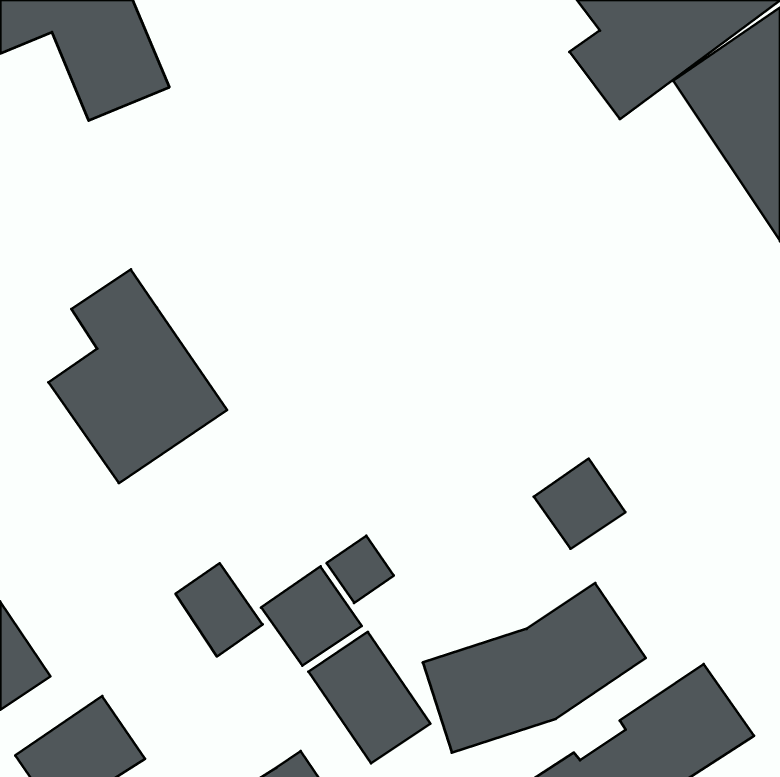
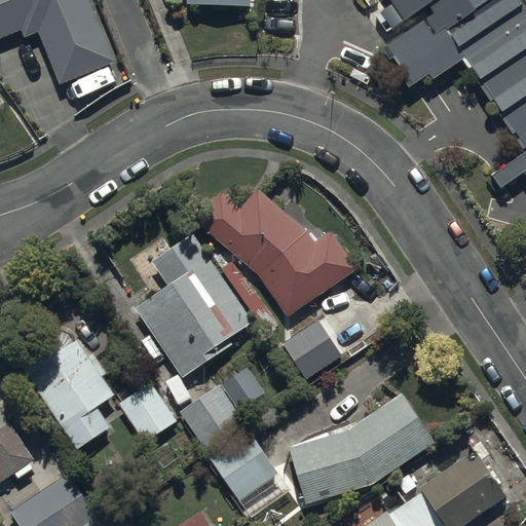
building: [48,269,227,483] -> [136,232,256,376]
building: none -> [195,184,356,316]
building: [534,459,625,549] -> [280,316,342,377]
building: none -> [9,329,119,450]

